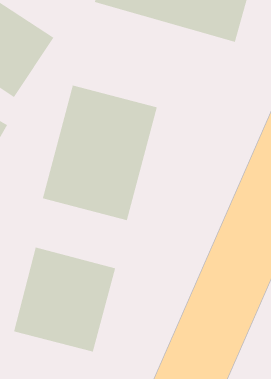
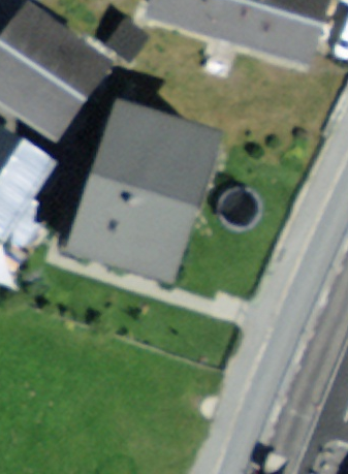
building: [13,246,116,352] -> none

